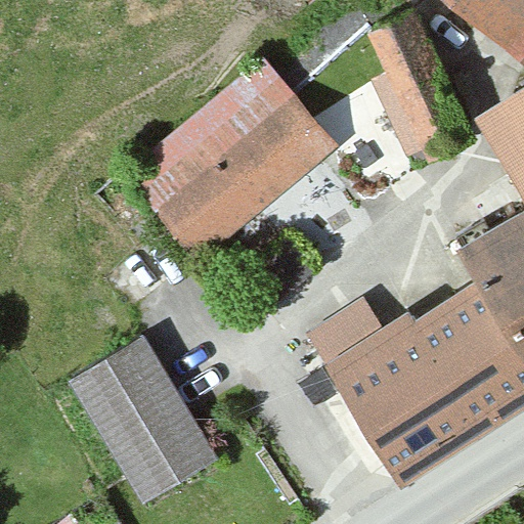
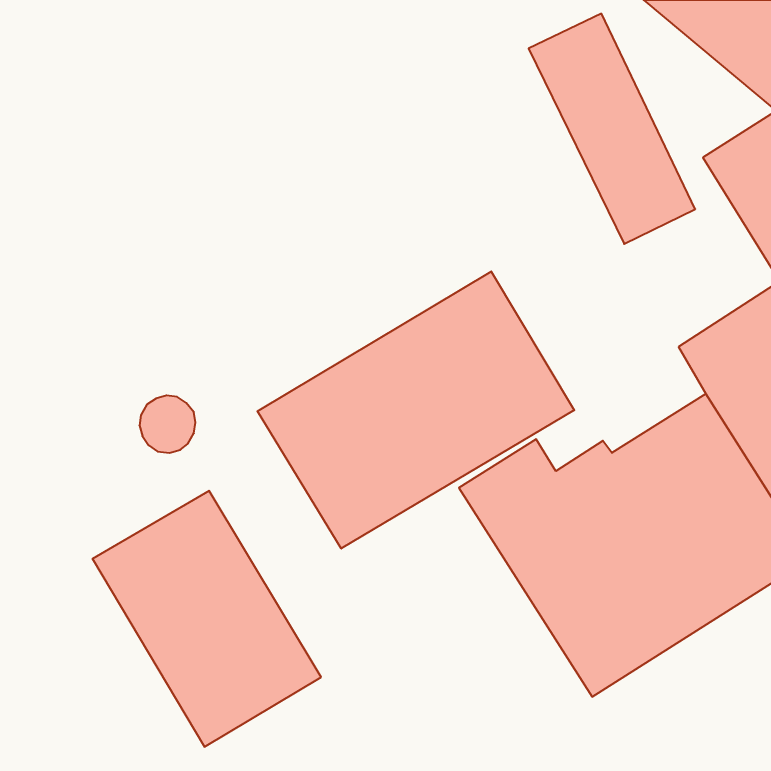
building: [124,60,339,264] -> none
building: none -> [257,271,574,549]

